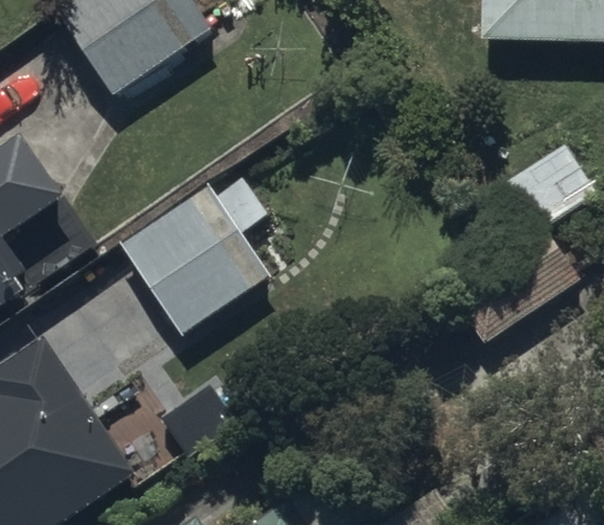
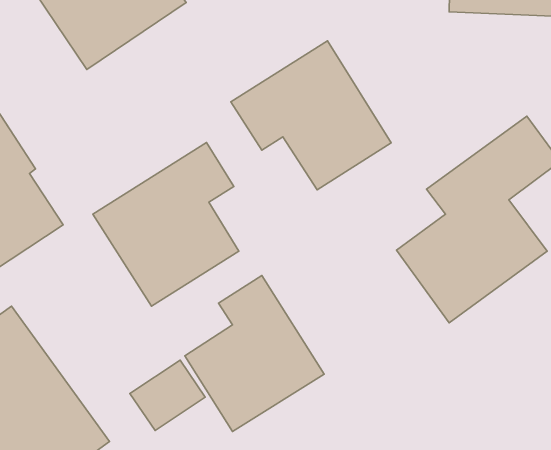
building: none -> [231,41,391,190]
building: none -> [185,275,324,432]

